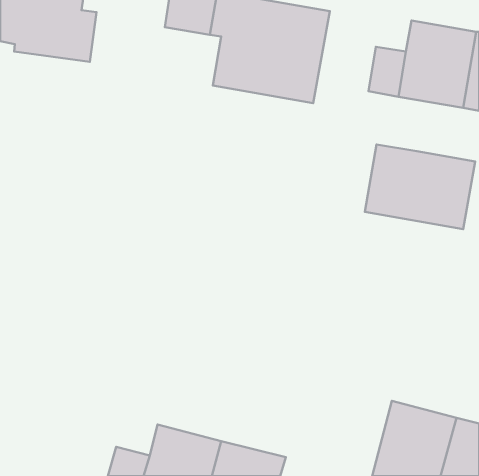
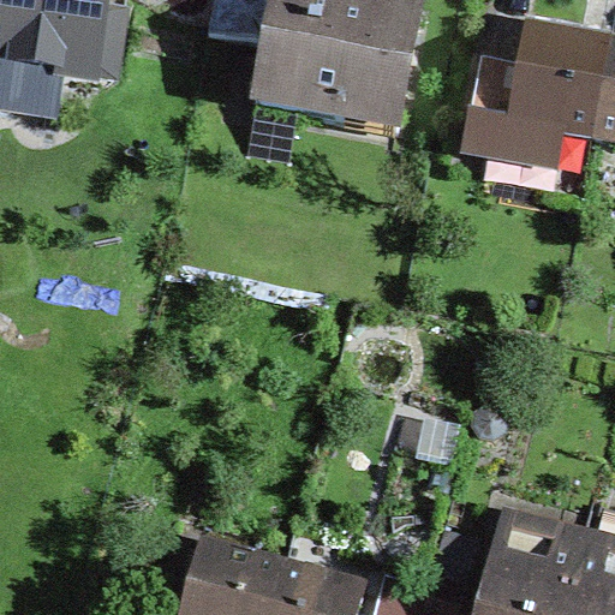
building: [365,144,475,229] -> none

